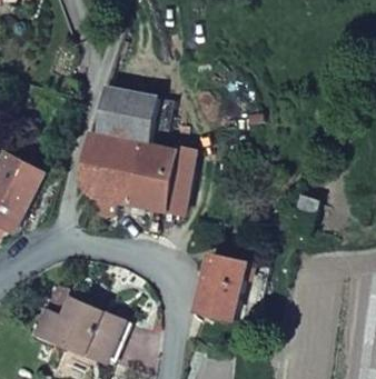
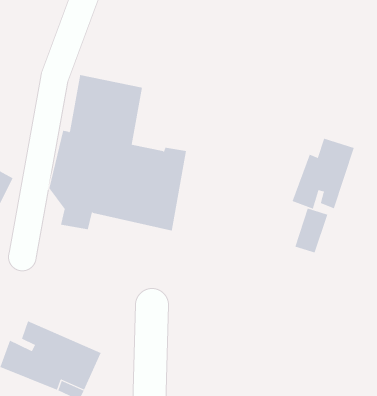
building: none -> [292,138,355,210]
building: [196,256,266,320] -> none

